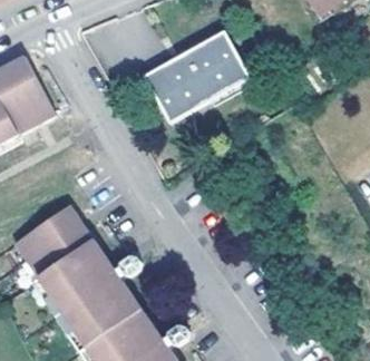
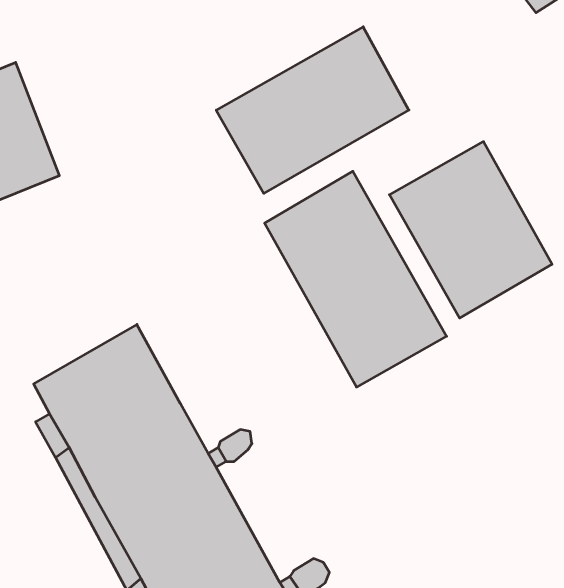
building: none -> [389,142,552,318]
building: none -> [265,171,447,387]

